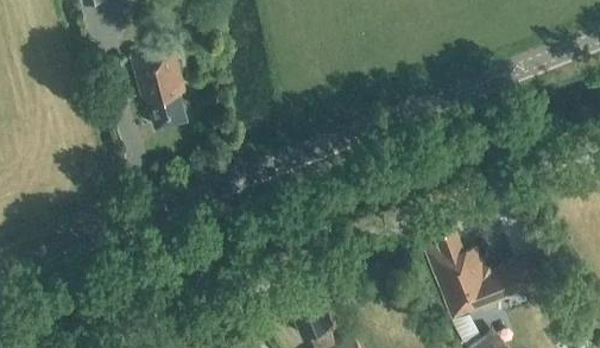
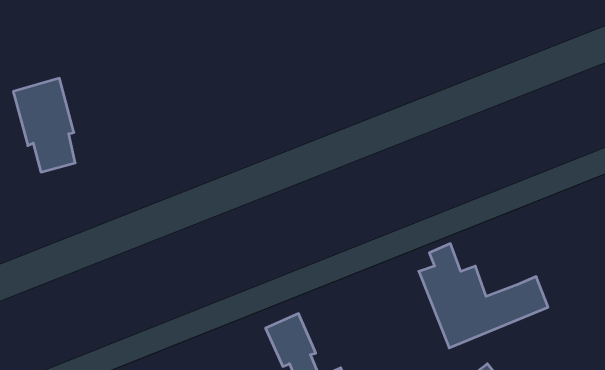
building: [132,46,188,131] -> [13,78,75,172]

